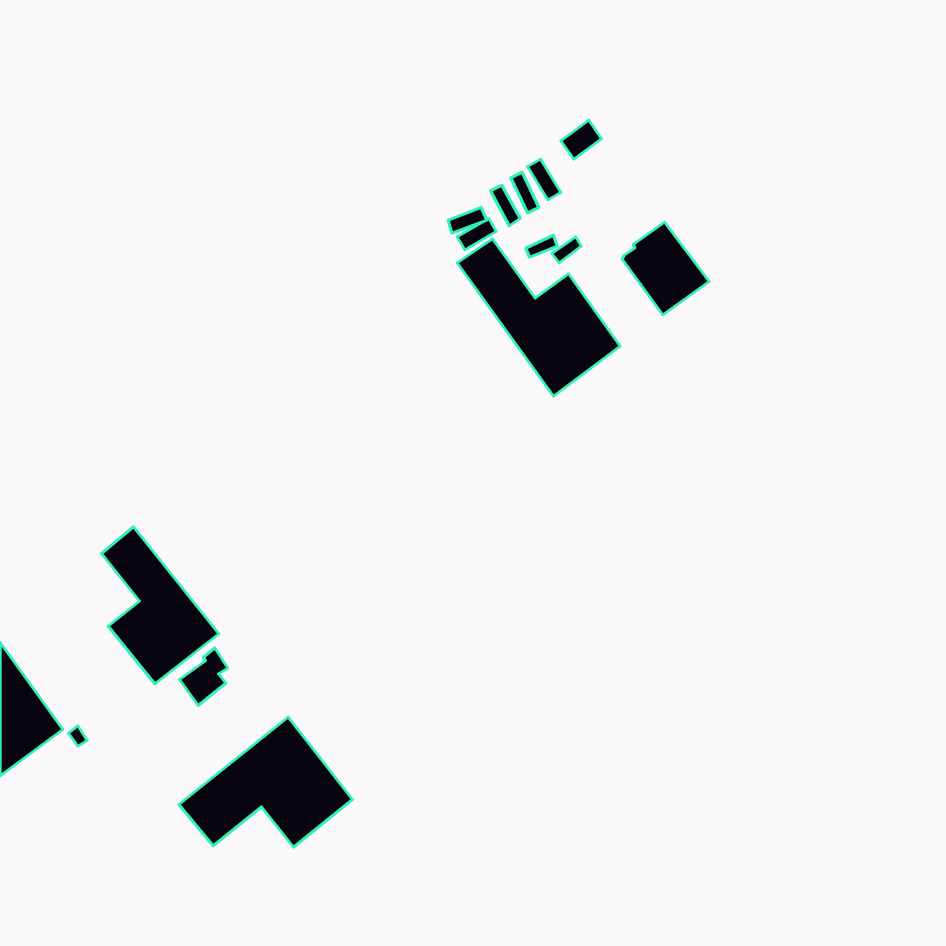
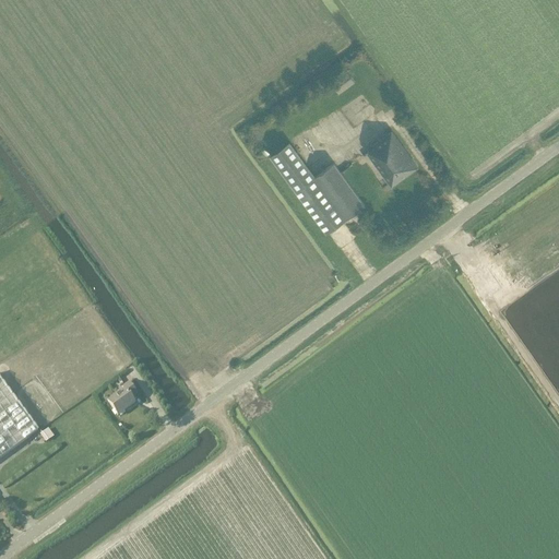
building: [101,527,219,684] -> none
building: [179,717,352,847] -> none

